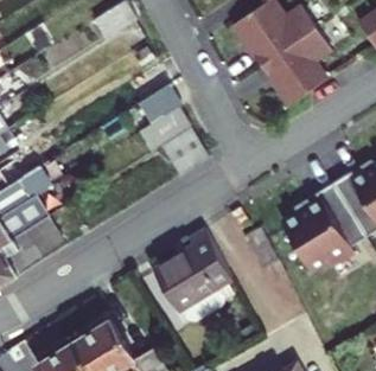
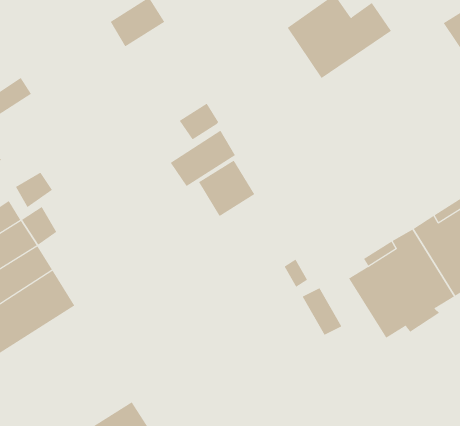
building: [260,27,331,105] -> none
building: [153,229,232,322] -> none

